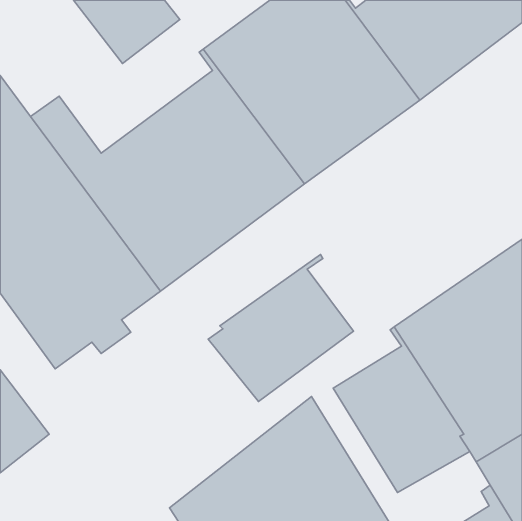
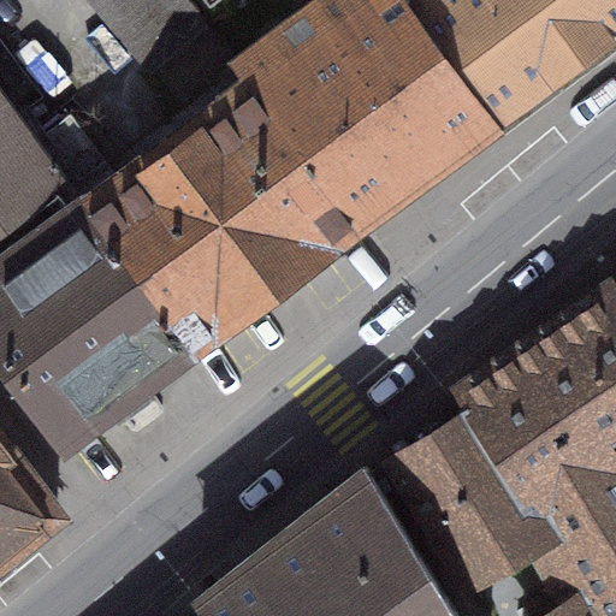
building: [208,254,353,402] -> none

